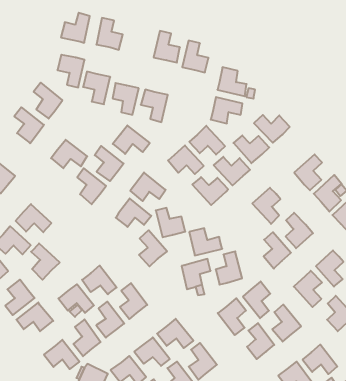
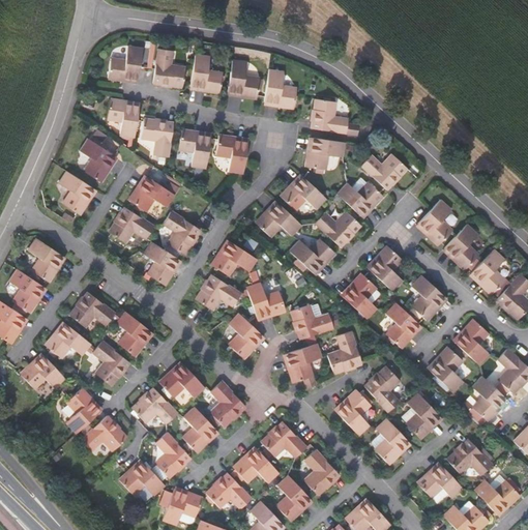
building: none -> [190,55,223,93]
building: [113,125,150,154] -> [128,176,175,212]
building: none -> [341,273,377,319]
building: none -> [115,311,152,356]

